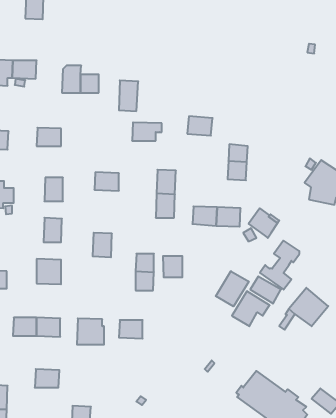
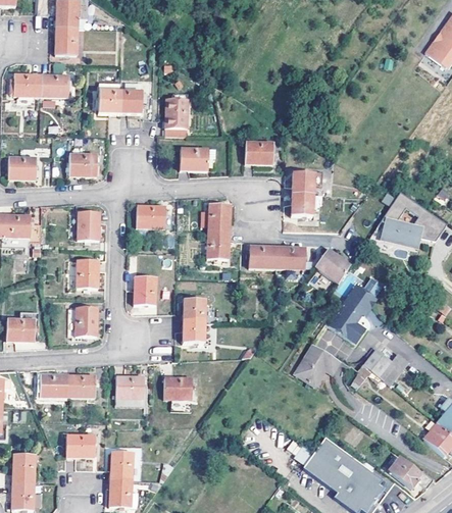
building: none -> [55,25,76,54]
building: [163,256,182,277] -> none
building: [216,271,249,306] -> none
building: none -> [110,451,133,478]

